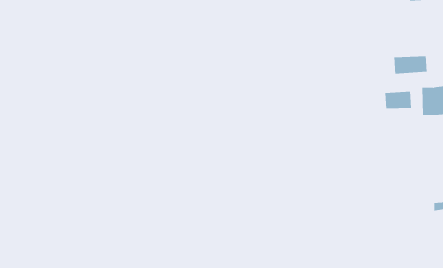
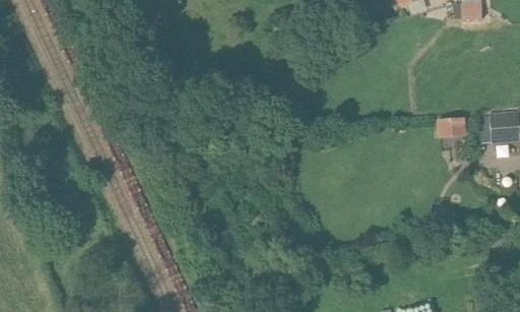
building: [394,55,427,75] -> none

